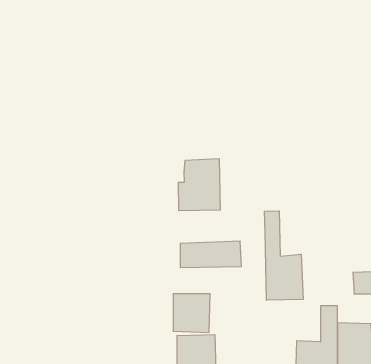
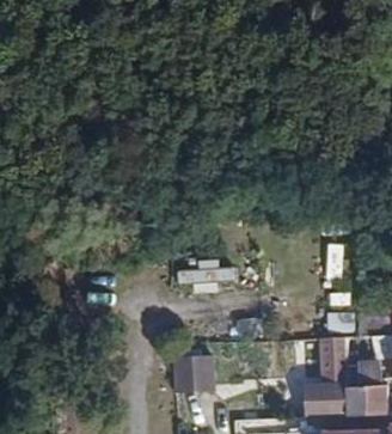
building: [178,159,220,211] -> none
building: [265,211,303,300] -> none

